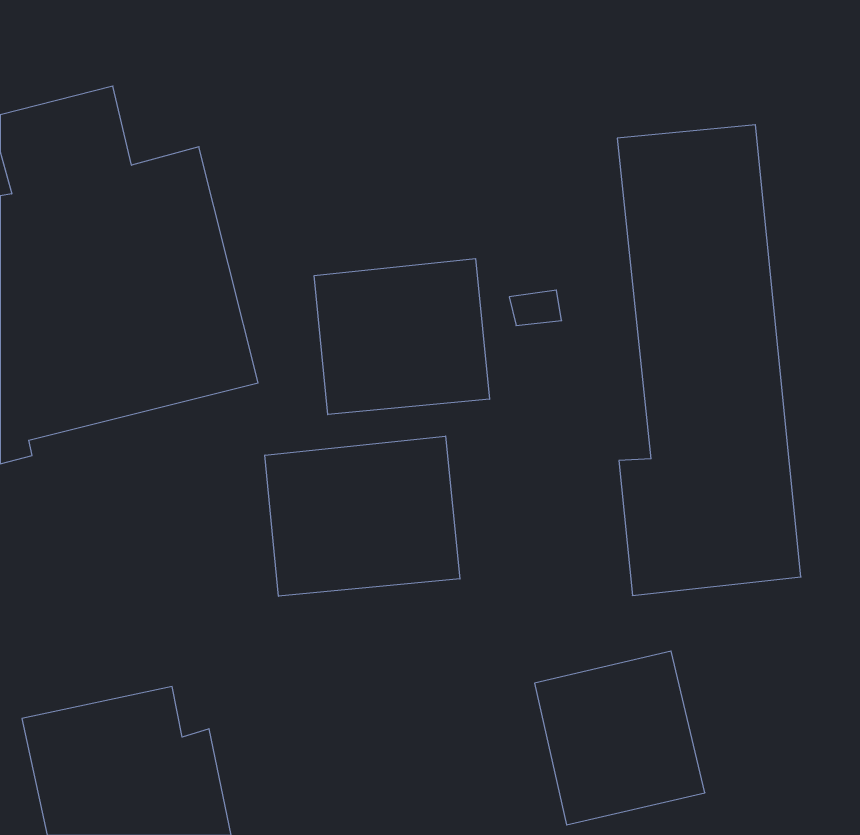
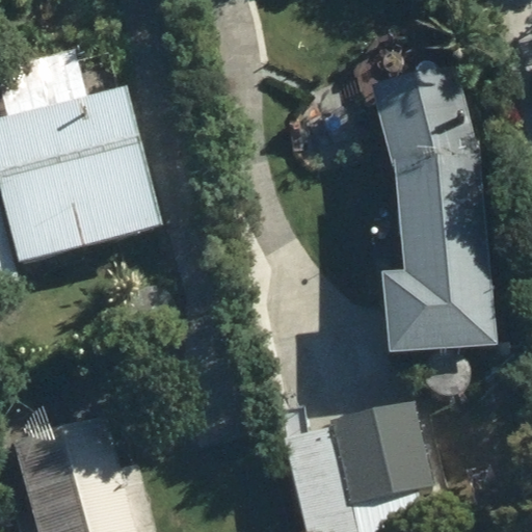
building: [314,259,490,415] -> none
building: [265,436,460,596] -> none

